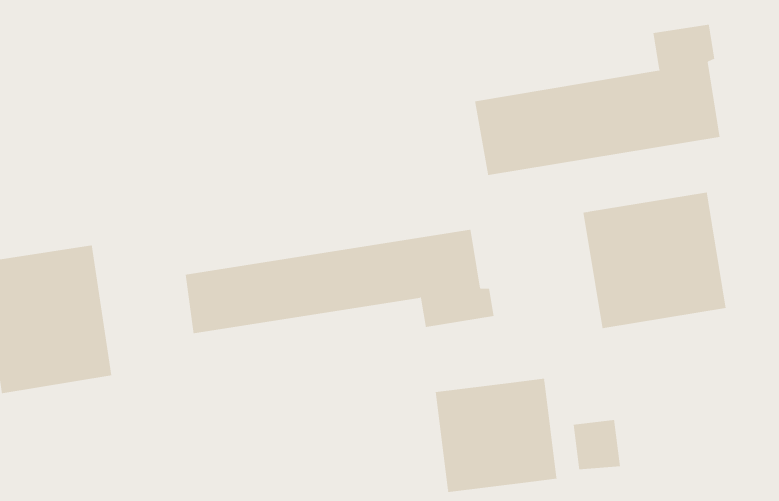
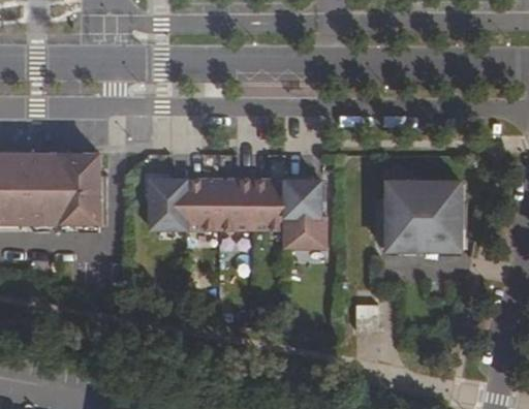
building: [475,24,720,176] -> none
building: [435,378,557,493] -> none

